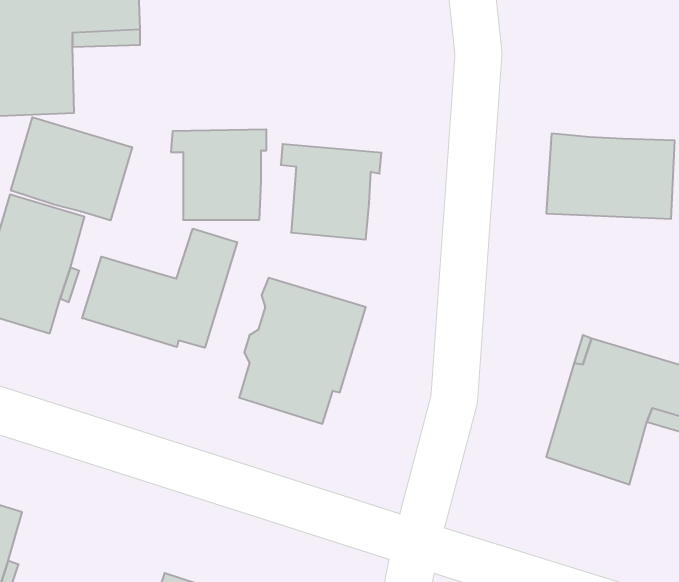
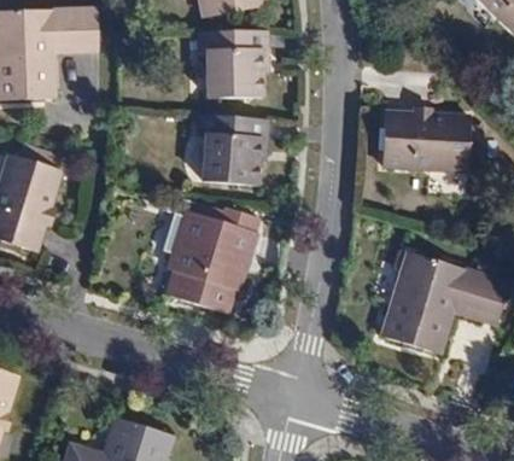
building: [11,117,132,220] -> none
building: [171,129,266,220] -> [199,34,265,97]
building: [82,229,237,348] -> none

